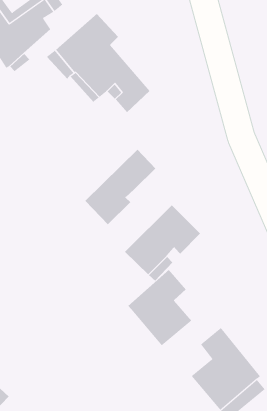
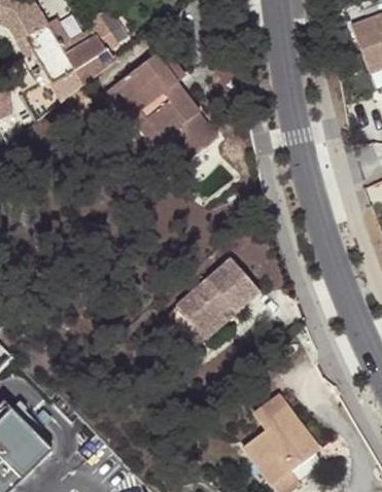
building: [85,149,156,225] -> none
building: [128,269,192,346] -> none

